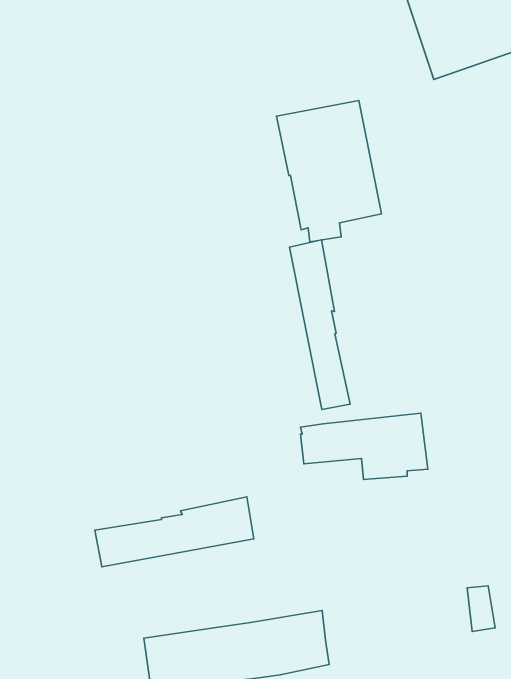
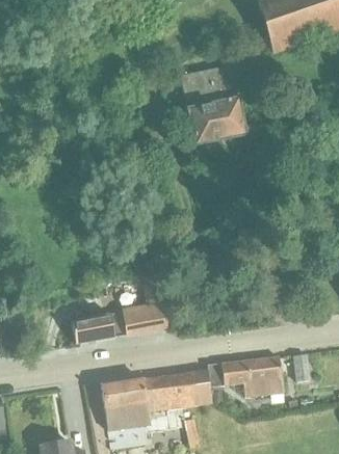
building: [289,240,350,410] -> none
building: [300,413,428,480] -> [207,356,283,396]

